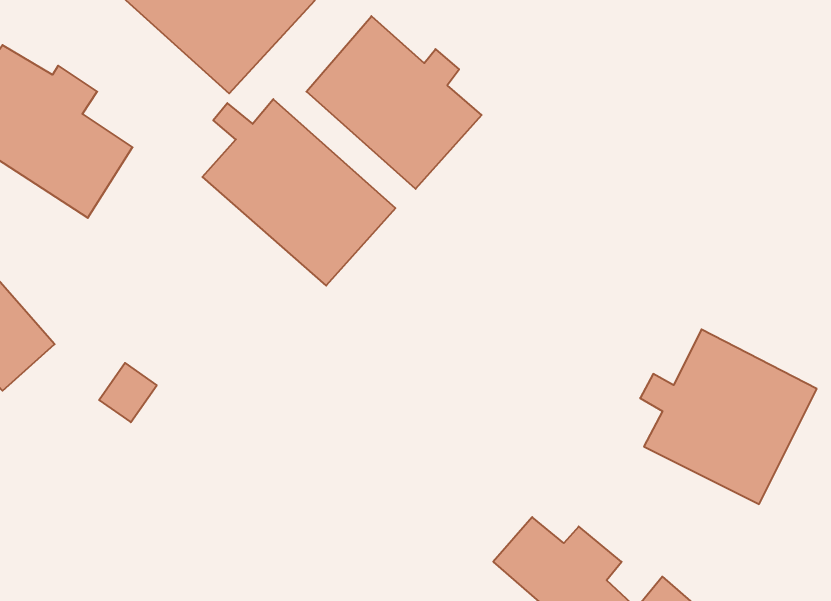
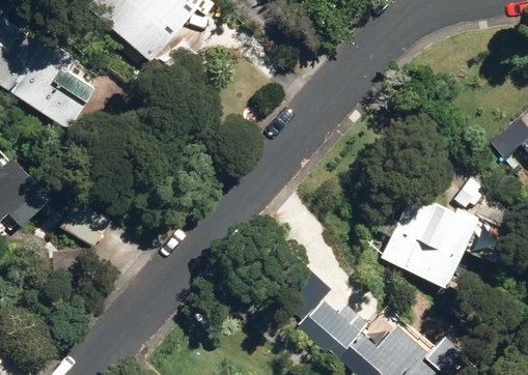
building: [306,16,482,189] -> none
building: [202,99,395,286] -> none

